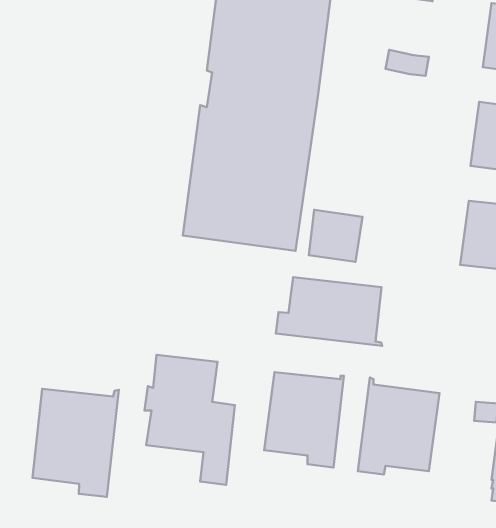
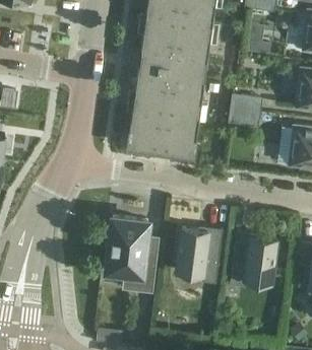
building: [309,210,363,262] -> [230,94,261,125]
building: [276,277,382,346] -> none
building: [33,389,119,497] -> none

